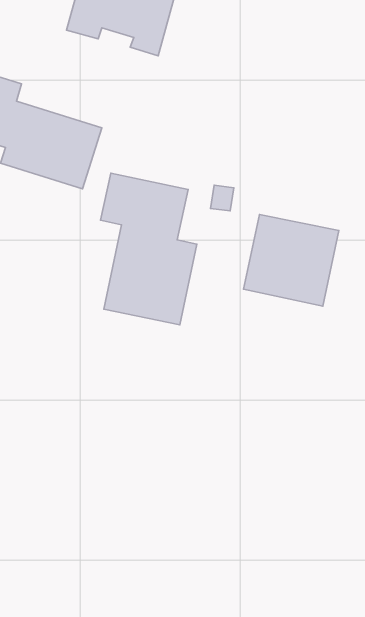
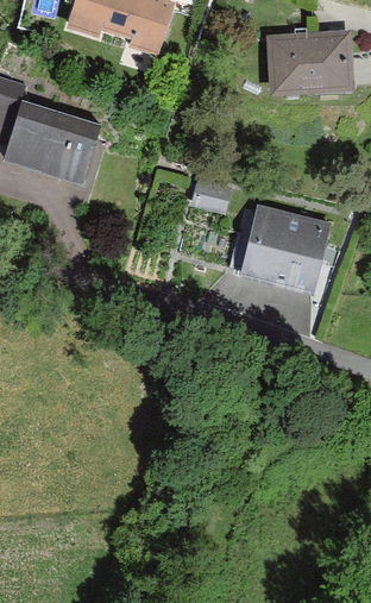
building: none -> [268,24,353,93]
building: [101,173,197,325] -> none

